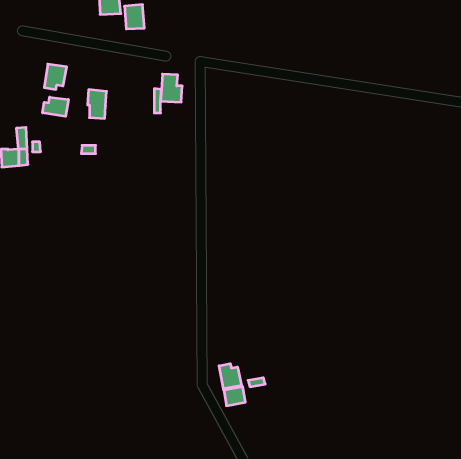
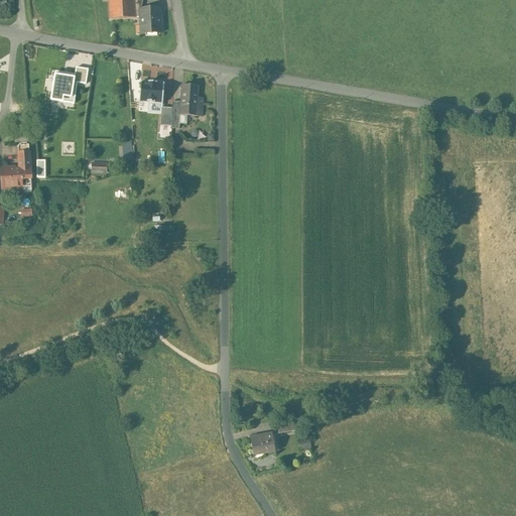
building: [88,90,107,118] -> [140,80,161,112]
building: [43,97,68,116] -> none
building: [219,364,242,389] -> none

